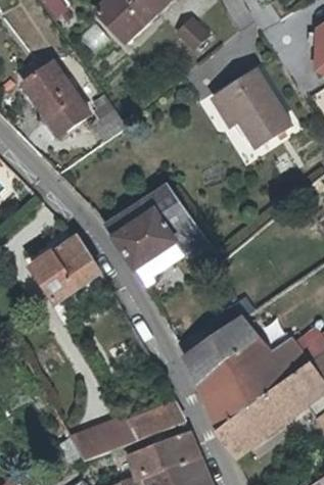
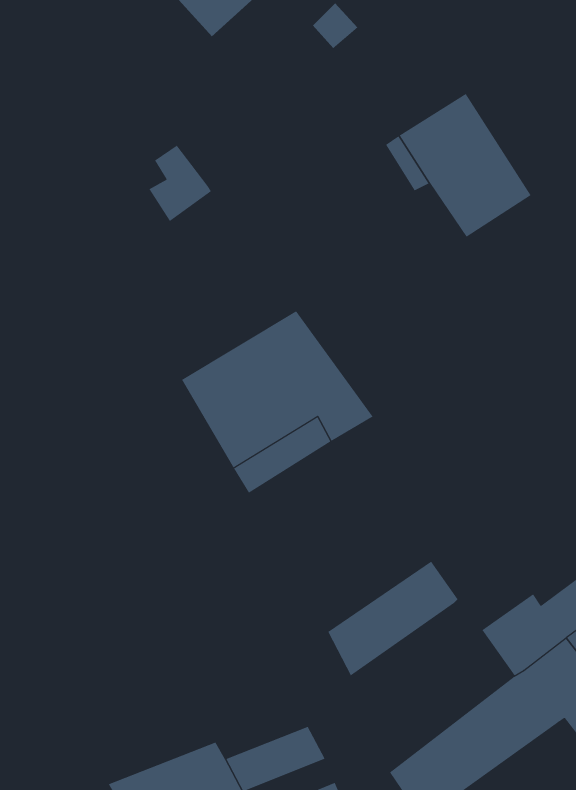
building: [26,64,89,134] -> none
building: [32,236,99,302] -> none
building: [195,341,282,431] -> none

